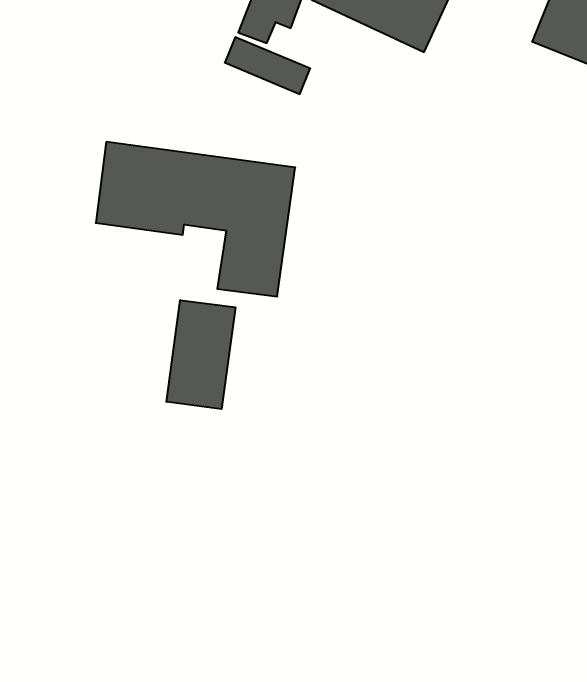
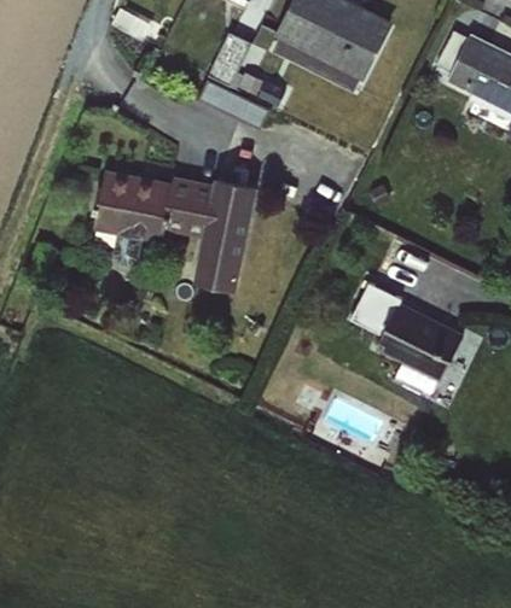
building: none -> [350,286,468,396]
building: [166,300,235,409] -> none

